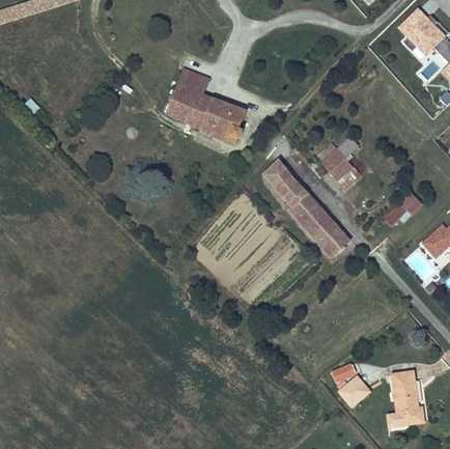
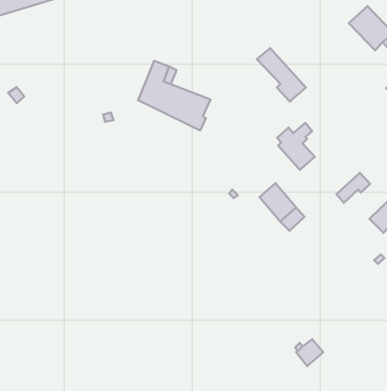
building: [263,160,317,219] -> [257,48,306,102]
building: [388,371,423,425] -> none

